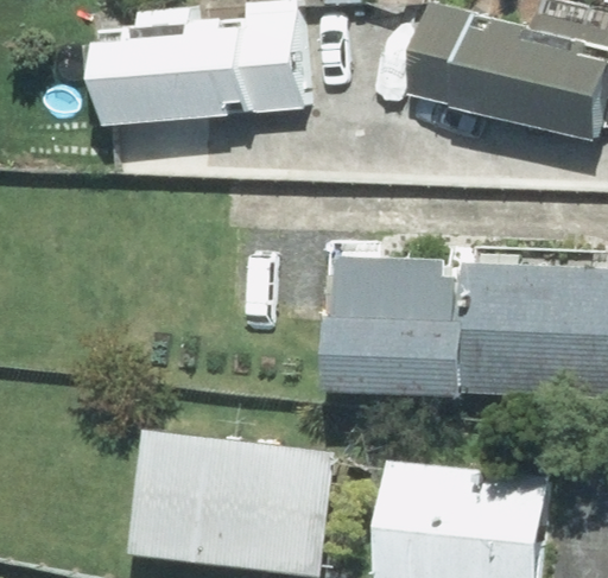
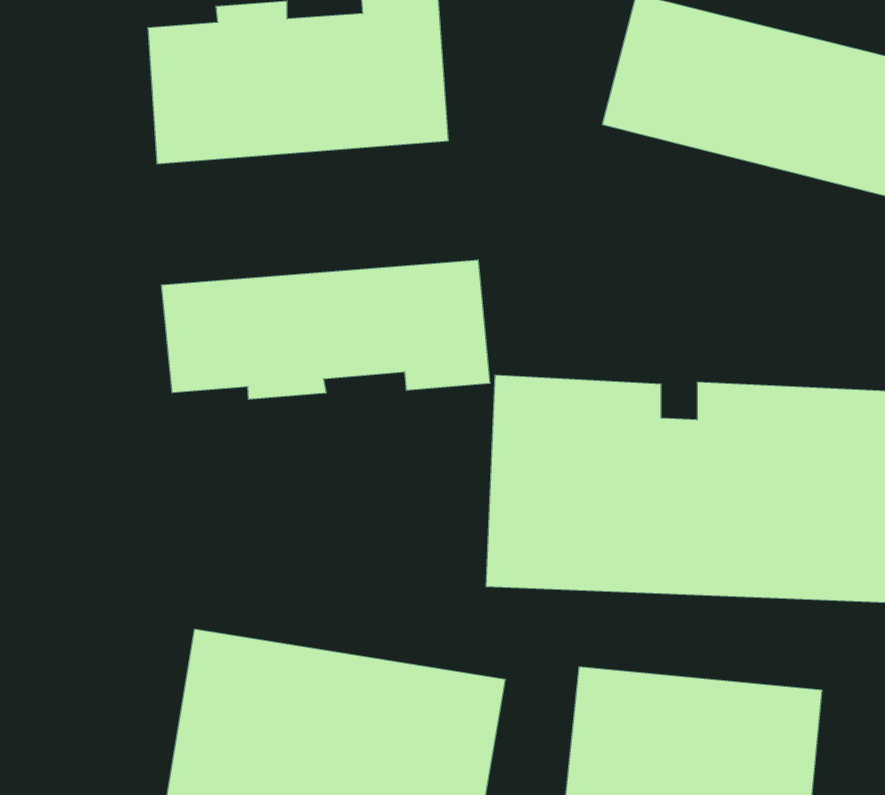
building: none -> [162,260,490,400]

